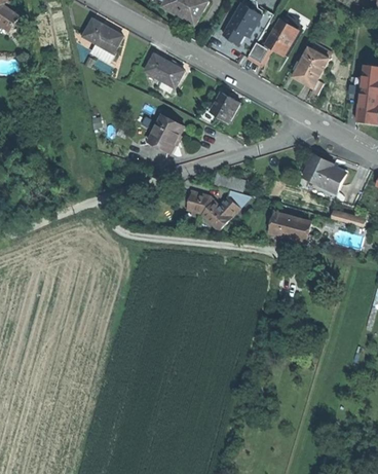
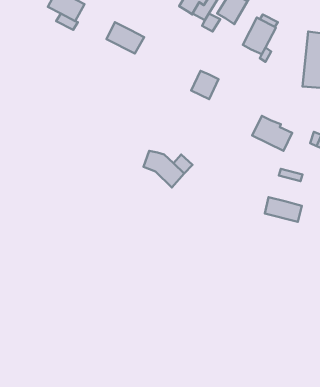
building: [209,90,238,121] -> [191,71,219,99]
building: [147,116,180,151] -> none
building: [268,213,308,240] -> [265,197,302,222]

